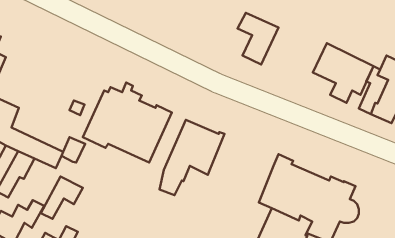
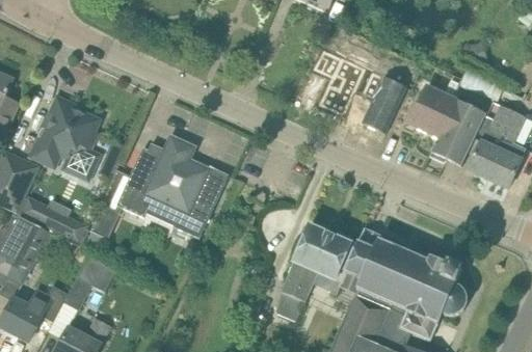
building: none -> [362,70,407,133]
building: none -> [32,101,97,178]
building: [160,120,224,195] -> [276,224,358,320]

